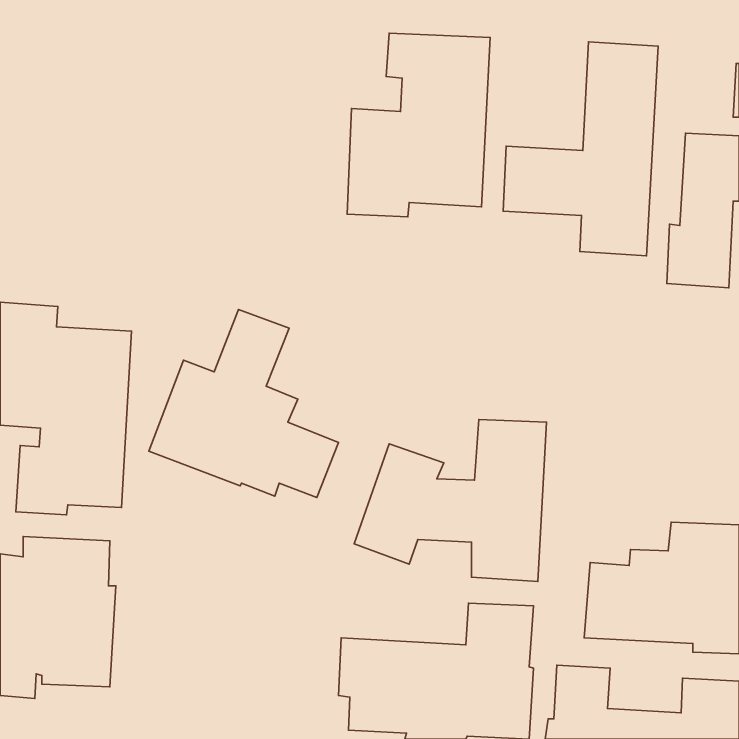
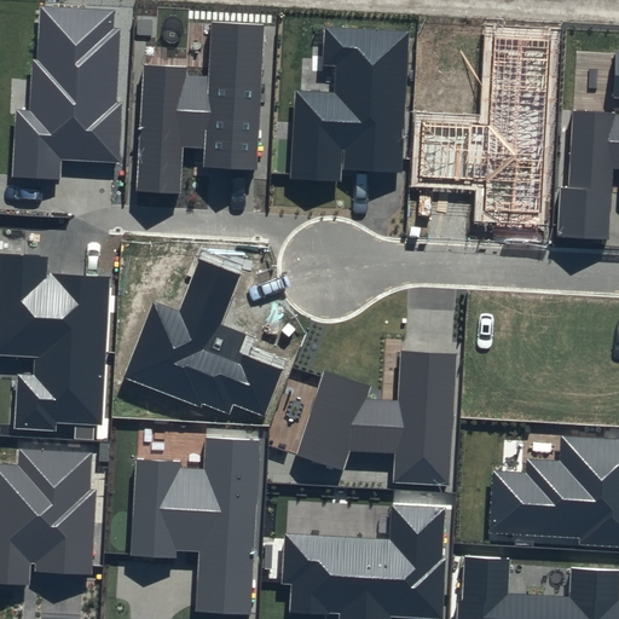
building: none -> [13,6,122,178]
building: none -> [137,22,265,193]
building: none -> [132,435,260,613]

